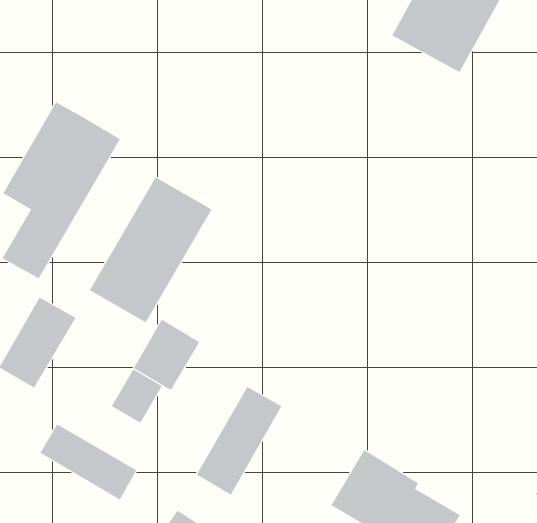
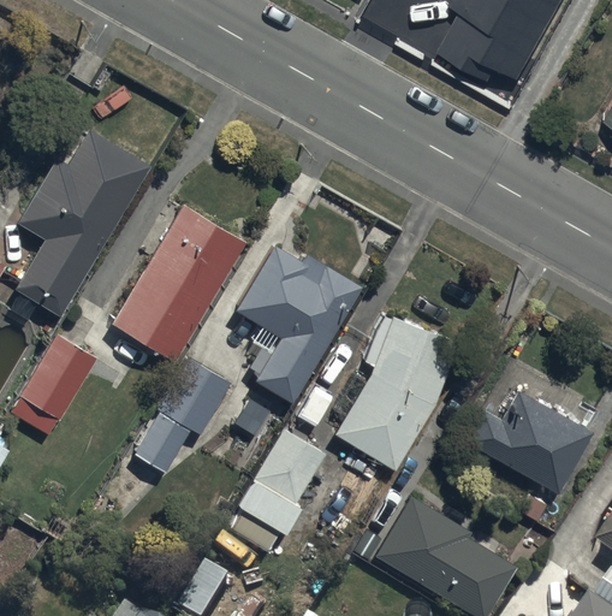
building: none -> [236,244,361,402]
building: none -> [335,315,456,470]
building: none -> [467,393,594,500]
building: [39,424,137,500] -> none

